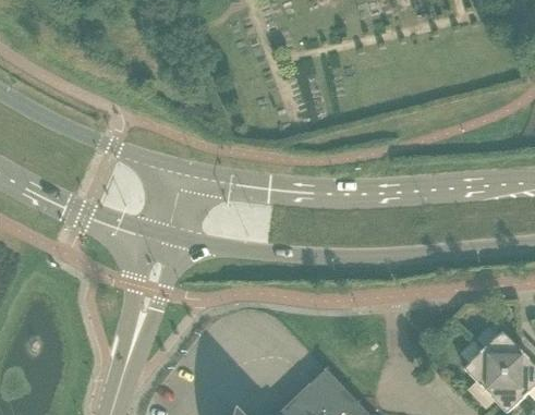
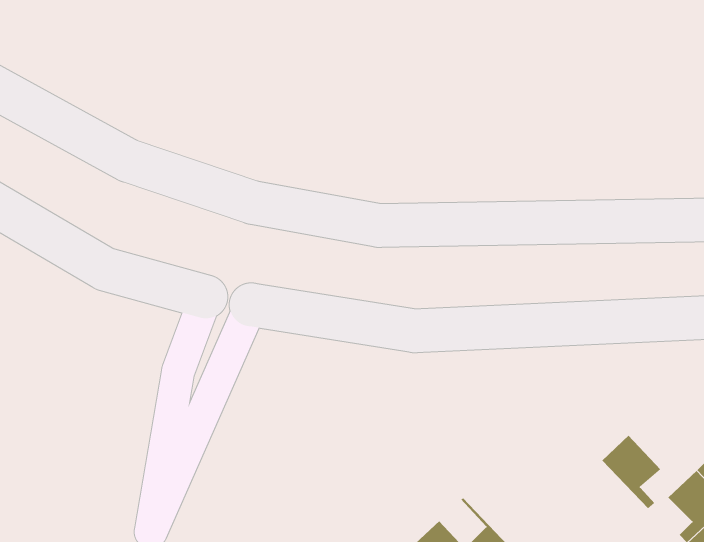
building: none -> [601,435,661,509]

